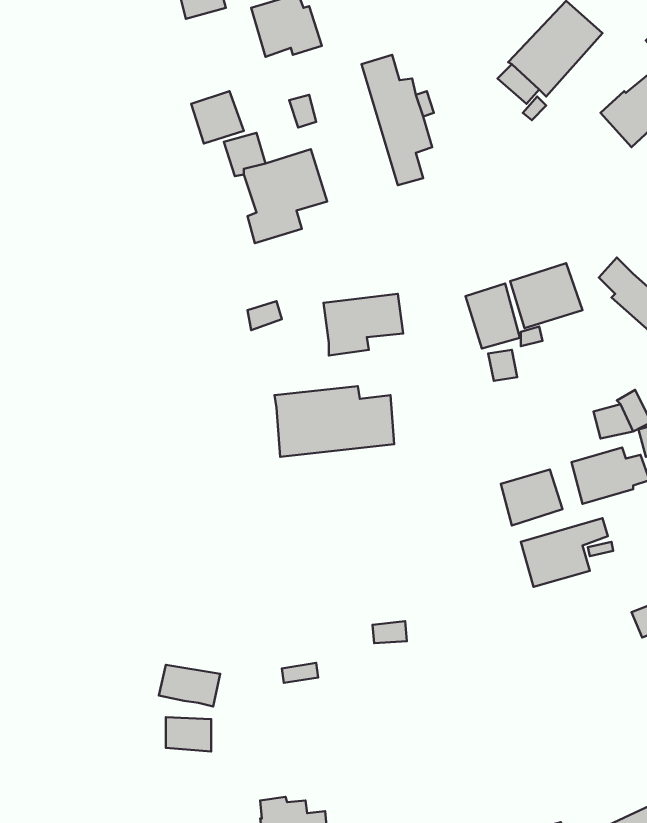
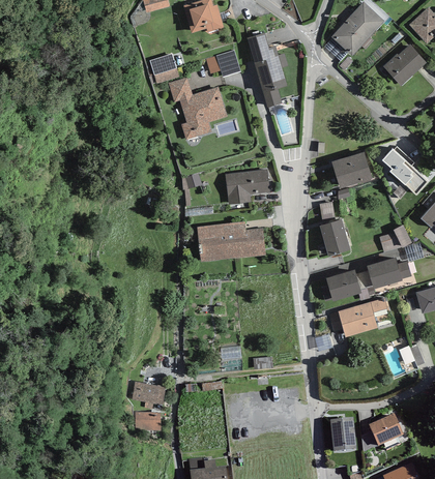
building: none -> [216,50,240,77]
building: [465,283,520,349] -> [319,218,350,256]
building: none -> [369,412,403,445]
building: none -> [329,416,356,450]

